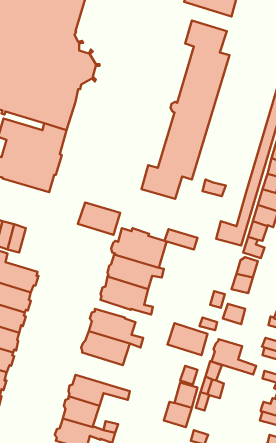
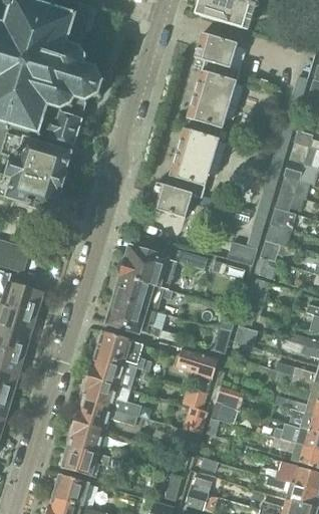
building: [78,203,120,235] -> none
building: [212,339,256,375] -> none
building: none -> [81,375,140,416]

